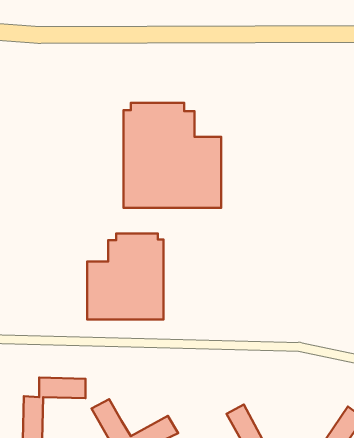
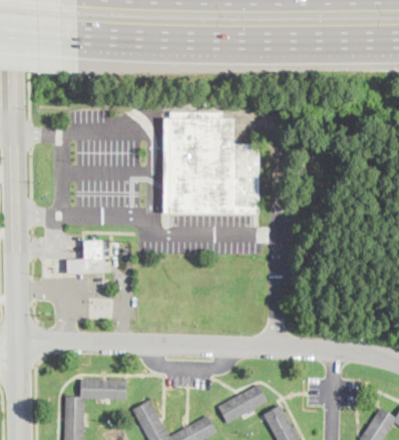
building: [87,234,163,319] -> none
building: none -> [66,241,104,274]
building: none -> [218,384,267,423]

